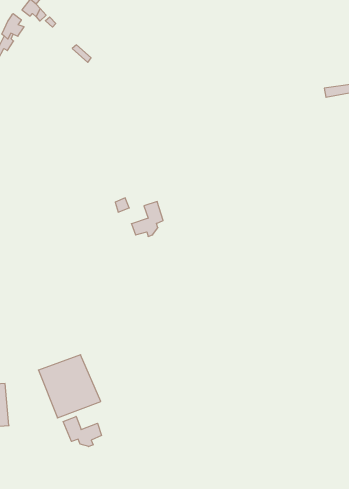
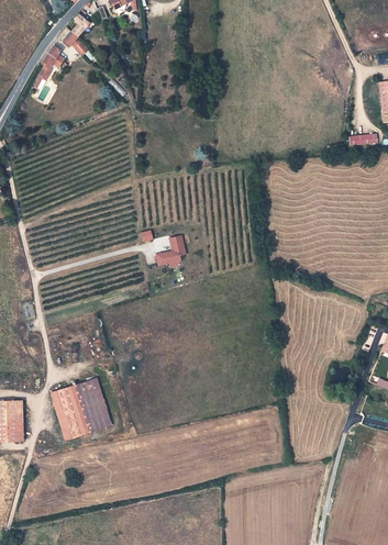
building: [63,416,102,447] -> none

